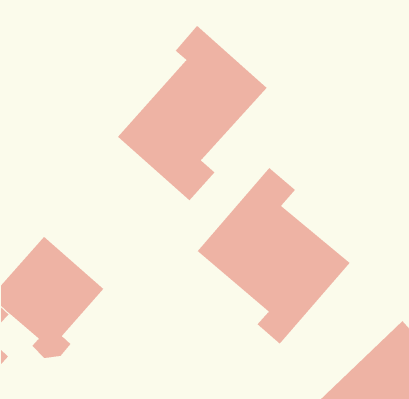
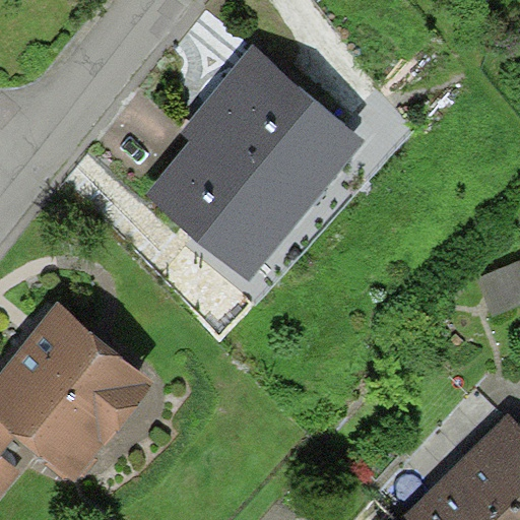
building: [197,167,351,345] -> none

